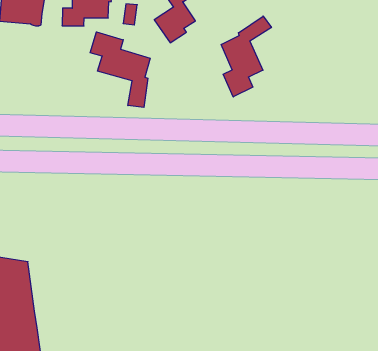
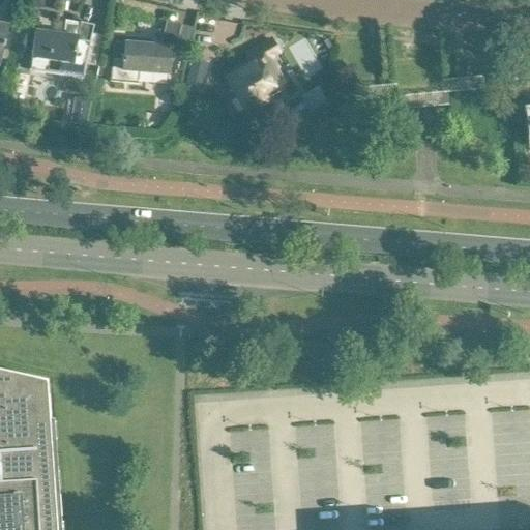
building: [221,16,271,97] -> none
building: [90,32,150,107] -> none

